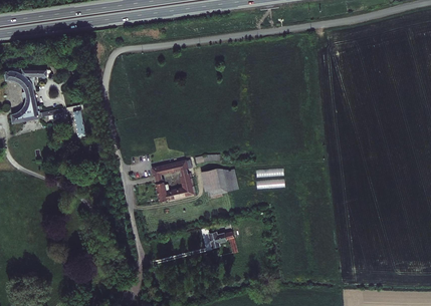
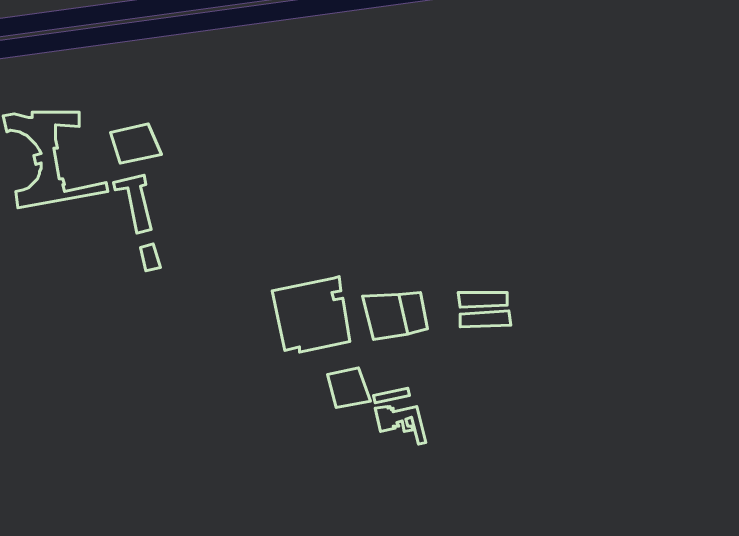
building: none -> [111,124,161,163]
building: none -> [327,368,370,408]

